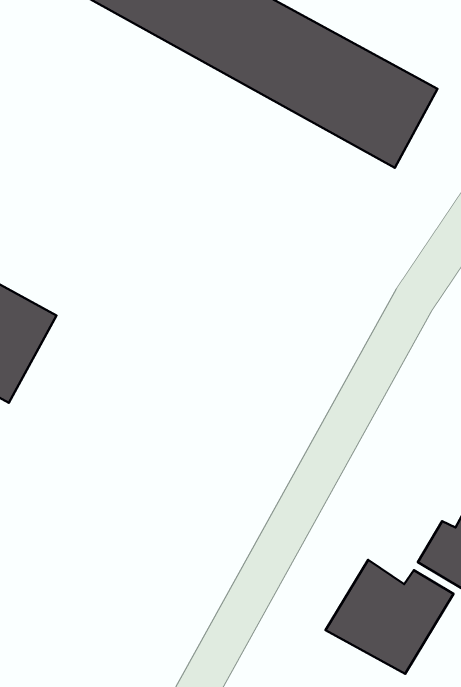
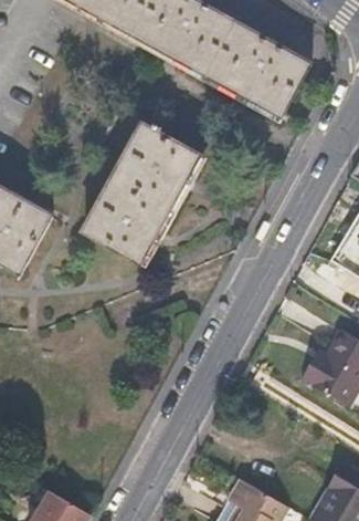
building: none -> [85,123,202,262]
building: [326,560,453,674] -> none

